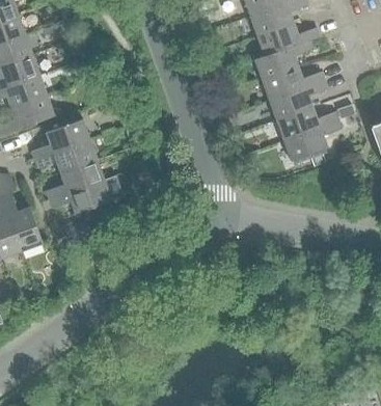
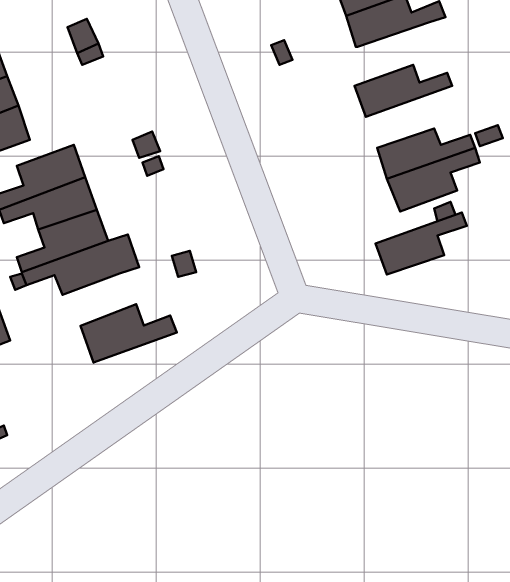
building: [253,39,312,80] -> none
building: [269,80,327,119] -> [376,213,467,275]
building: none -> [81,304,177,363]

